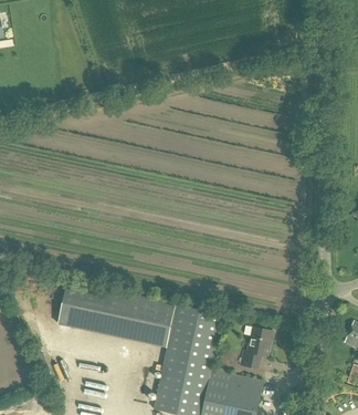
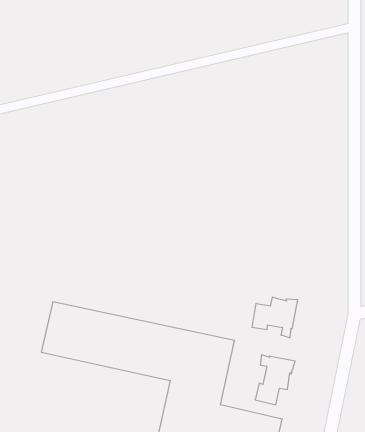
building: none -> [252,297,298,338]

